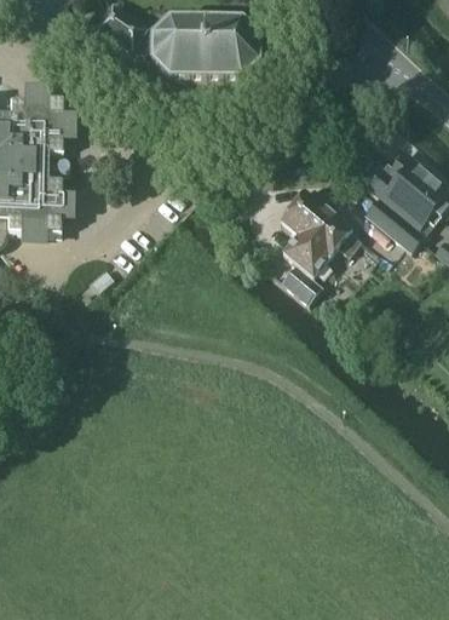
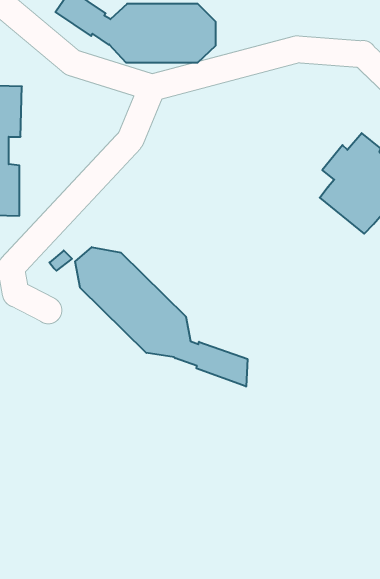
building: [278,193,359,304] -> none
building: none -> [75,247,247,387]

